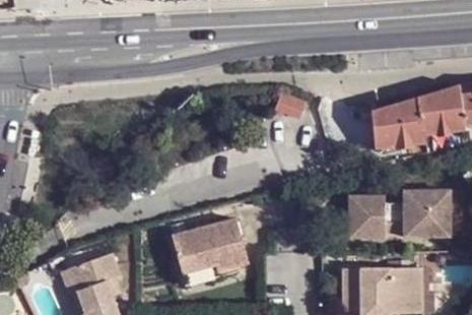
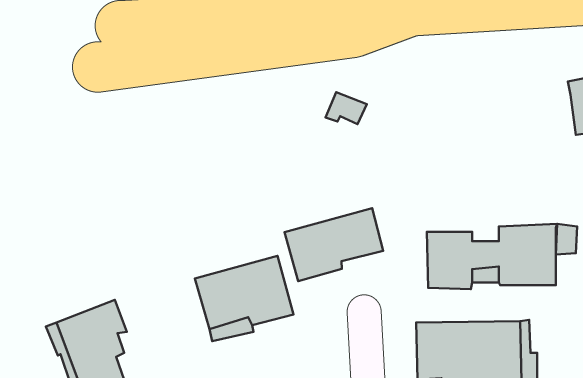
building: [372,84,464,149] -> none
building: none -> [285,208,383,281]

